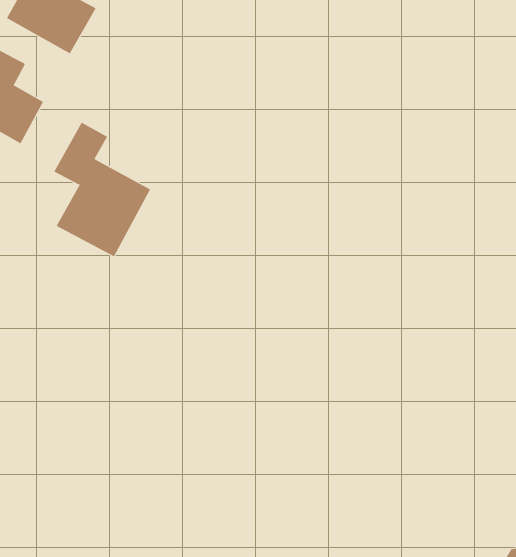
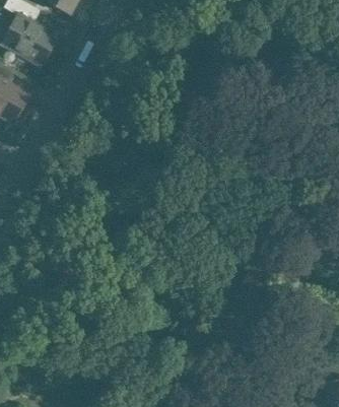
building: [54,122,151,257] -> none

